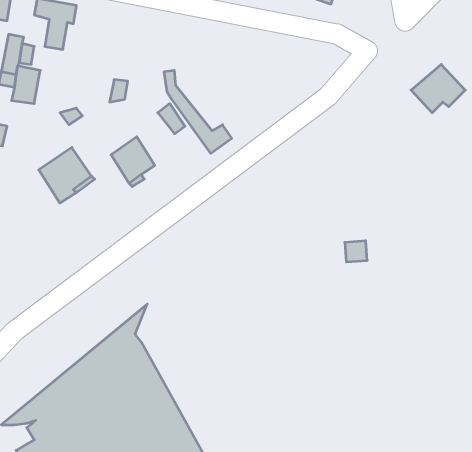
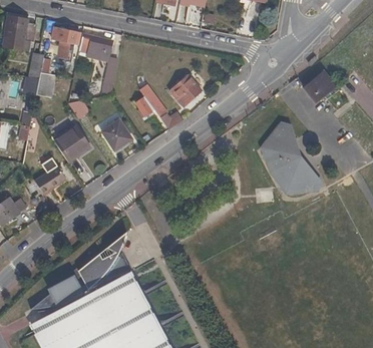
building: none -> [78,33,112,61]
building: none -> [169,74,203,106]
building: none -> [260,126,319,197]
building: none -> [34,164,67,195]

